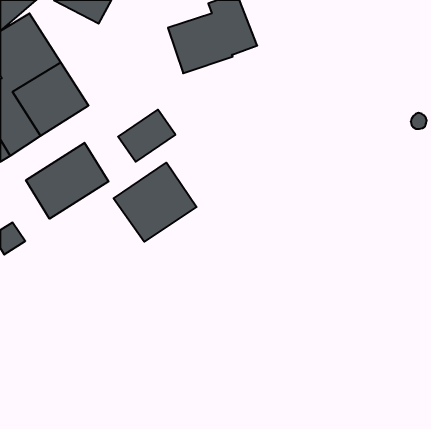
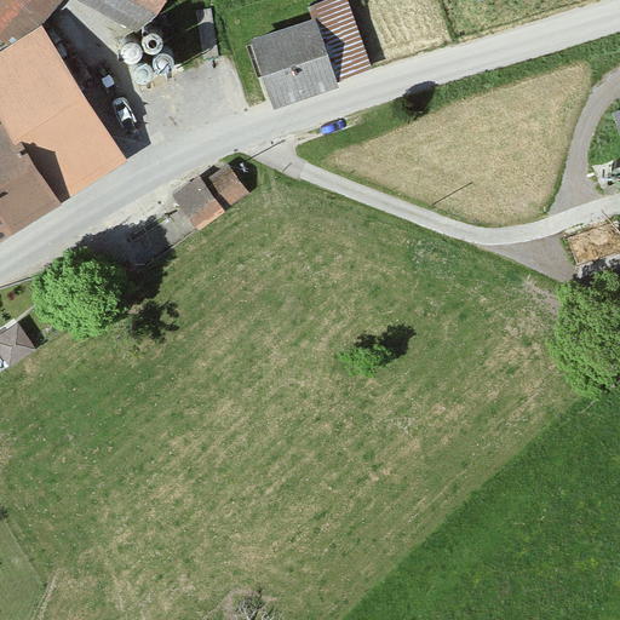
building: [26,143,109,219] -> none
building: [114,163,197,242] -> none

